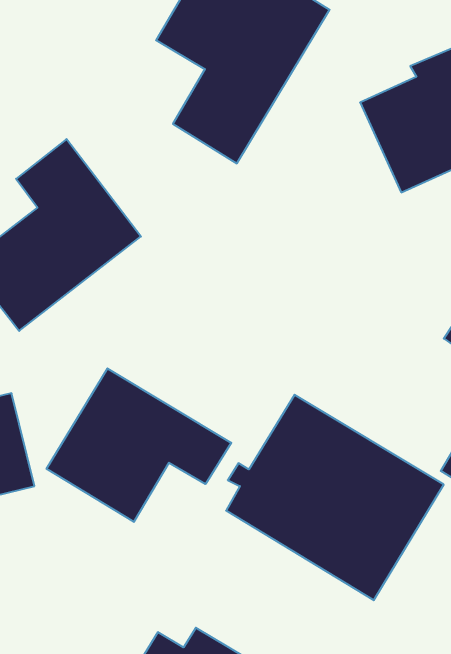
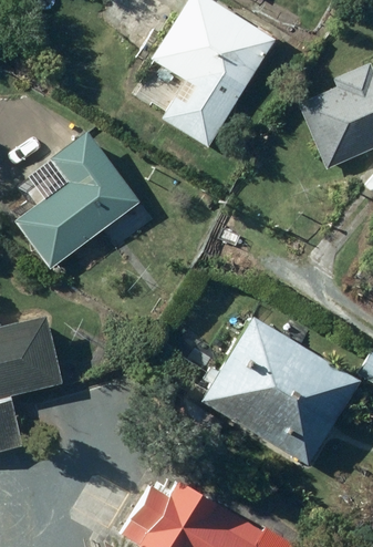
building: [47,368,231,522] -> none

